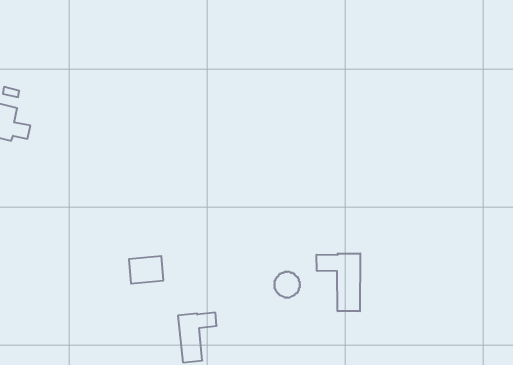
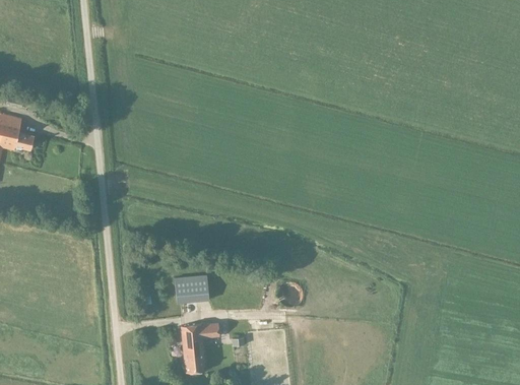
building: [317,253,360,311] -> none
building: [129,256,163,284] -> [174,275,208,303]

